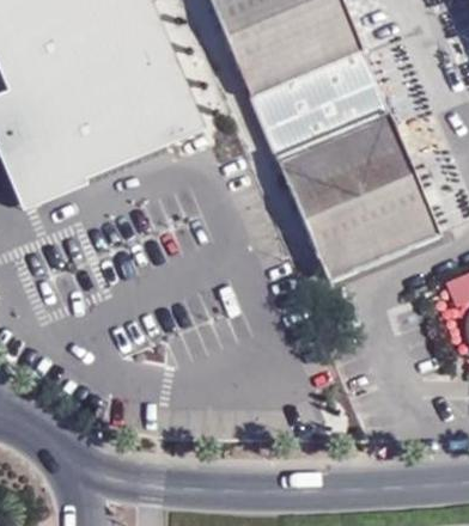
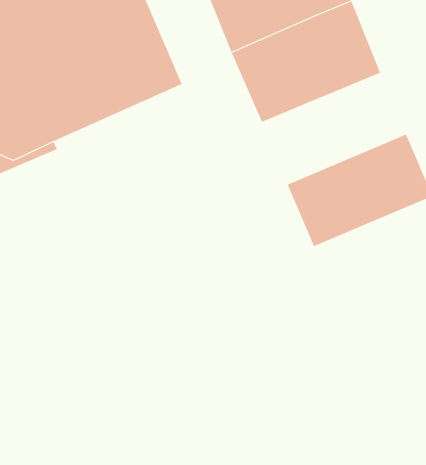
building: [278,115,414,220] -> none

